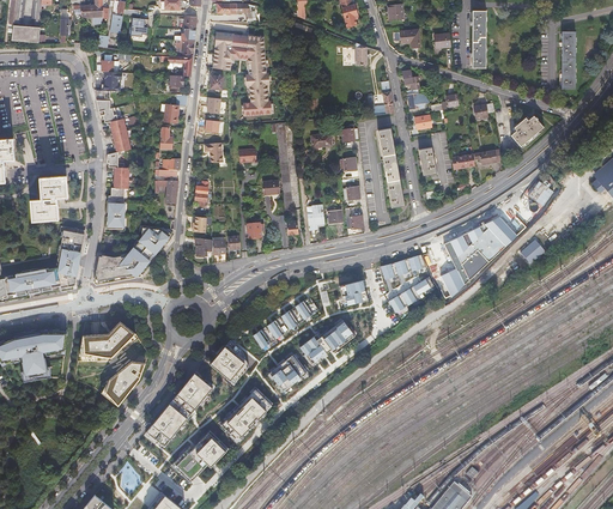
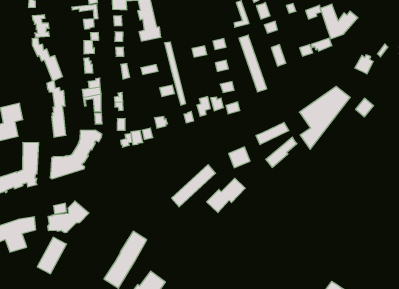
building: [211,339,249,383] -> none
building: [269,352,308,390] -> none
building: [102,355,146,404] -> [37,237,67,274]
building: [221,388,273,440] -> none

